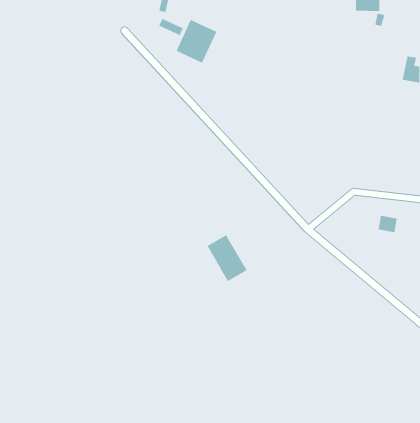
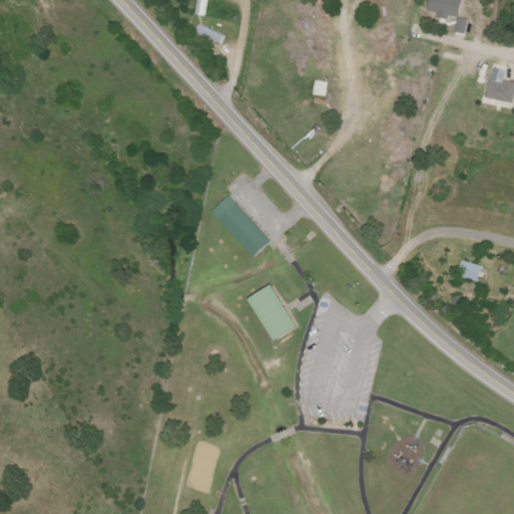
building: [176,19,217,63] -> none
building: none -> [210,195,269,257]

